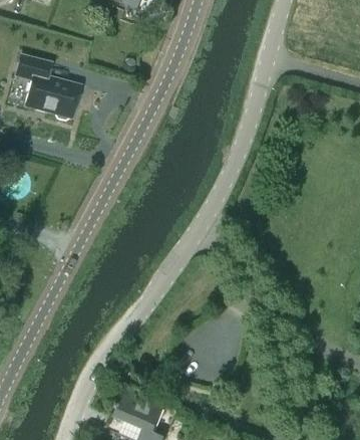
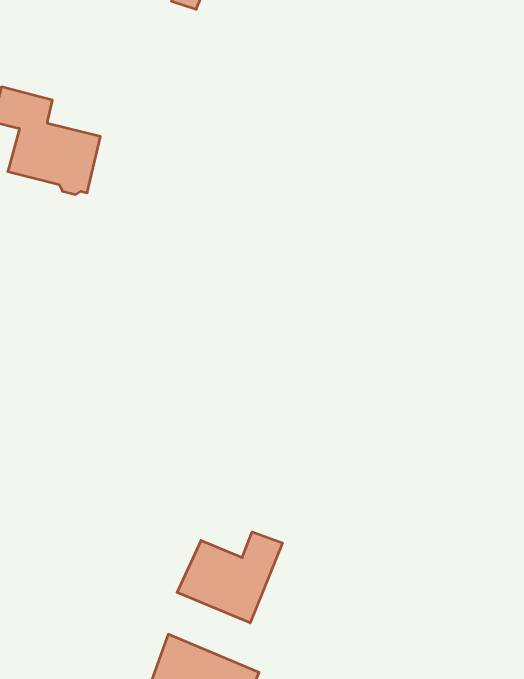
building: none -> [177,532,282,623]

